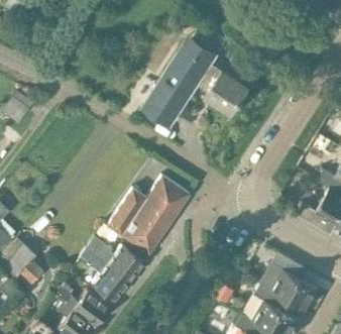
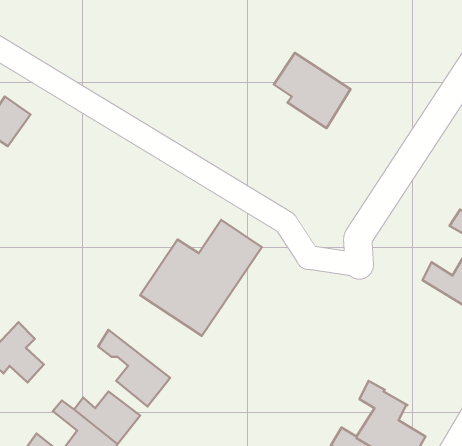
building: [144,46,212,126] -> none
building: [87,237,143,282] -> none
building: [261,252,319,311] -> none

